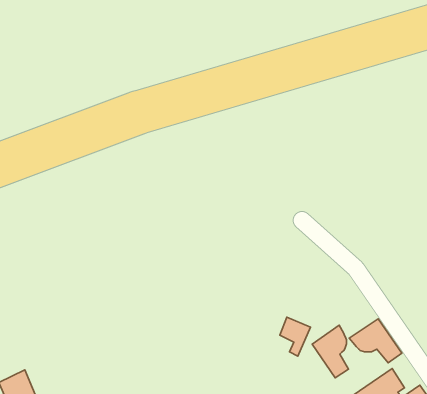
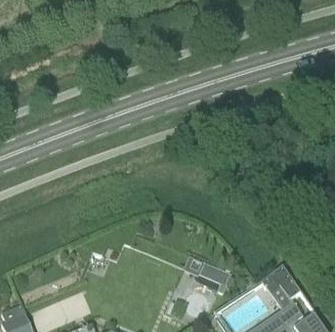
building: [312,325,348,378] -> none

